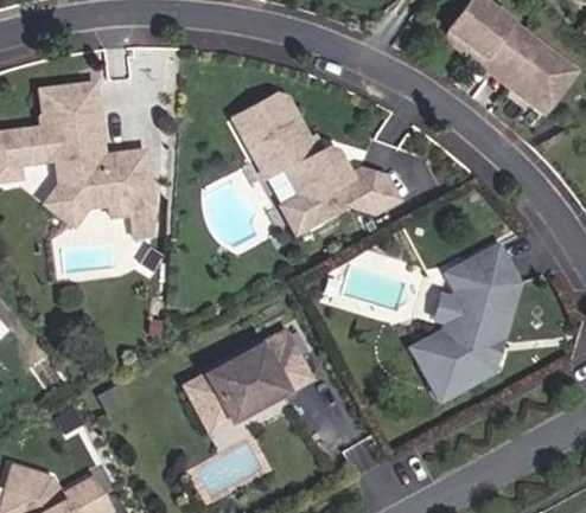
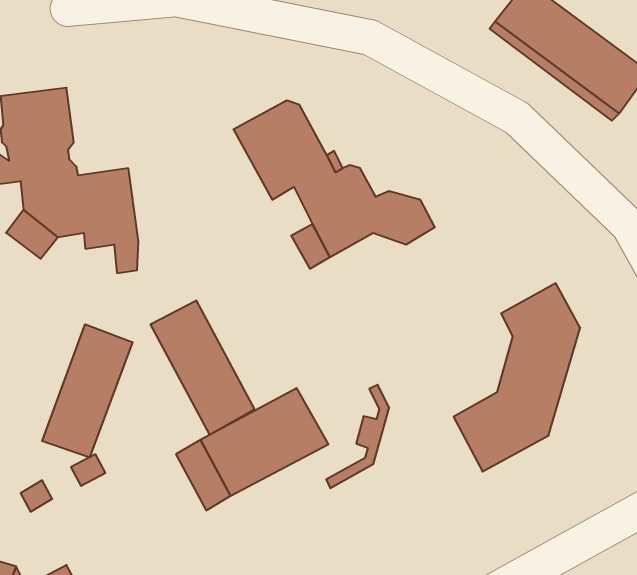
building: none -> [151,300,254,435]
building: [410,269,463,354] -> [326,385,389,488]
building: none -> [42,324,132,457]

